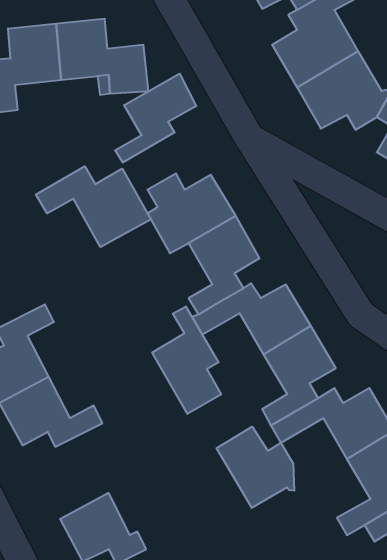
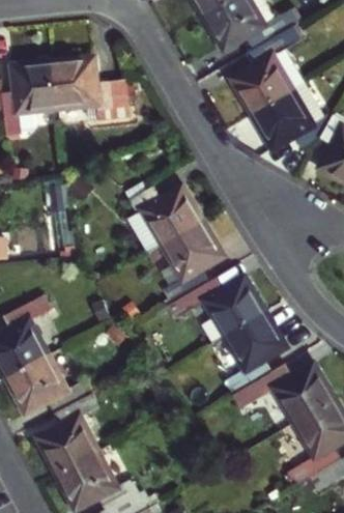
building: [115,74,196,163] -> none
building: [36,166,151,247] -> none
building: [152,306,221,414] -> none
building: none -> [37,394,98,474]
building: [217,427,294,508] -> none

